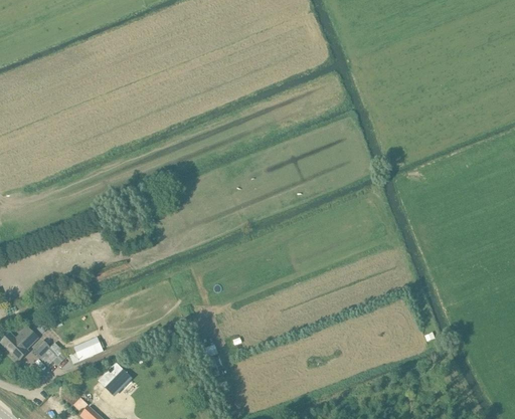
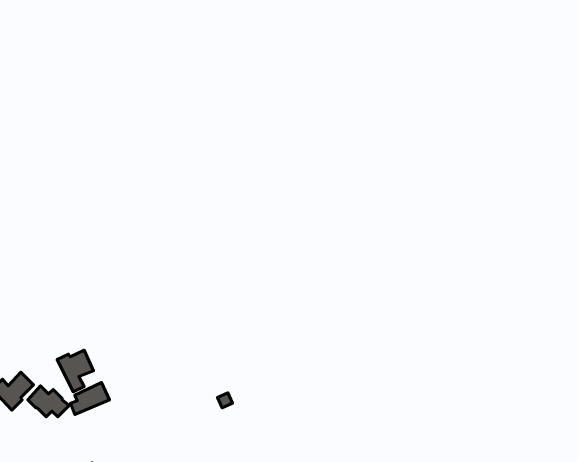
building: none -> [57,350,94,392]
building: [99,364,130,395] -> none

